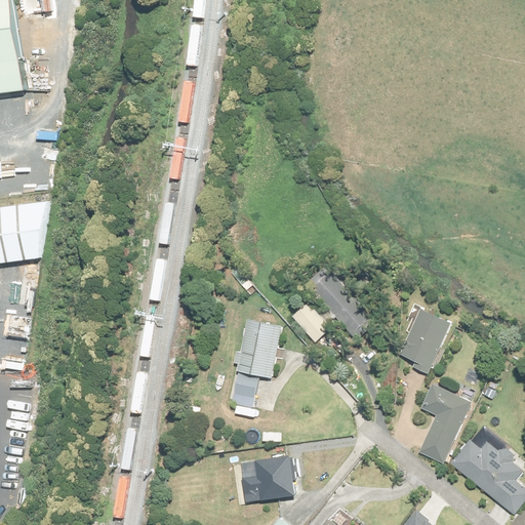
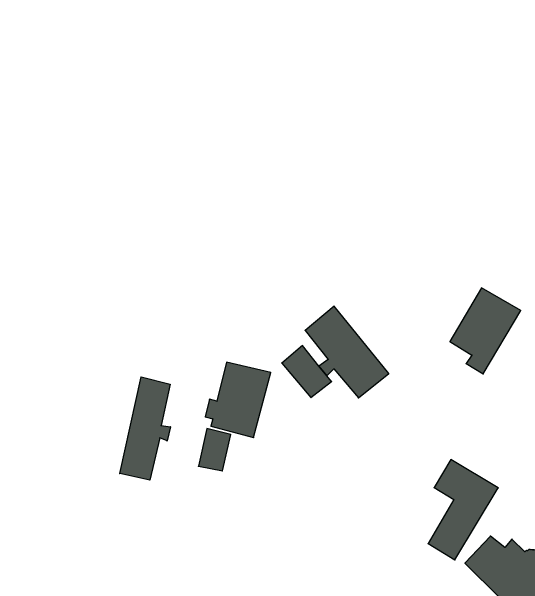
building: [399,307,453,375] -> [450,288,521,374]
building: none -> [120,377,170,480]
building: [240,456,300,502] -> none

